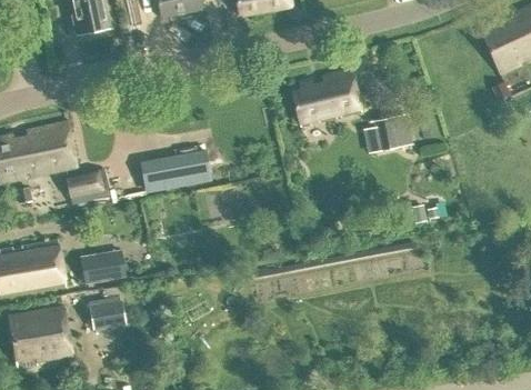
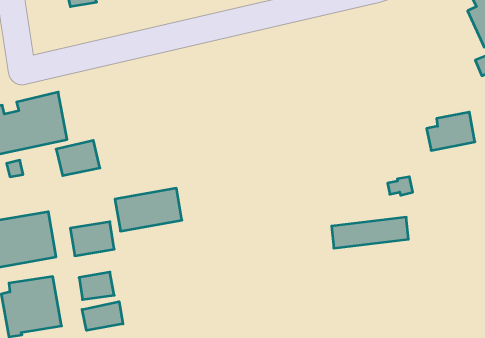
building: [292,69,361,126] -> none
building: [362,113,411,152] -> [427,112,475,150]
building: [141,149,209,192] -> [115,188,182,231]
building: none -> [82,302,123,330]

